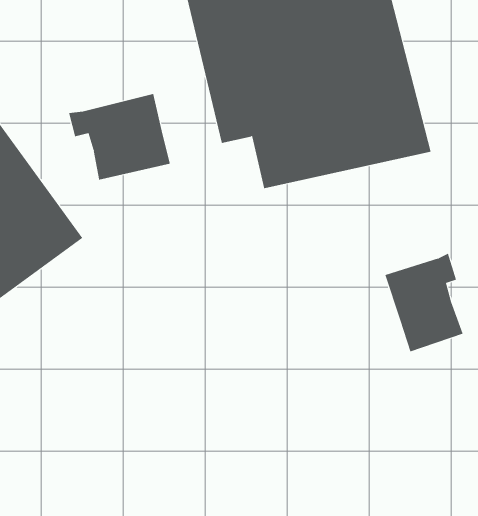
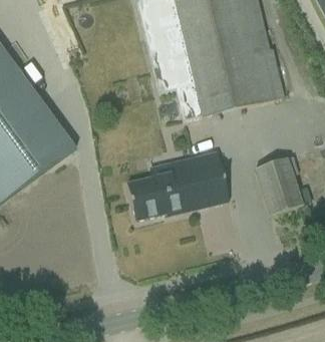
building: [68,93,171,181] -> none
building: none -> [126,148,229,219]

